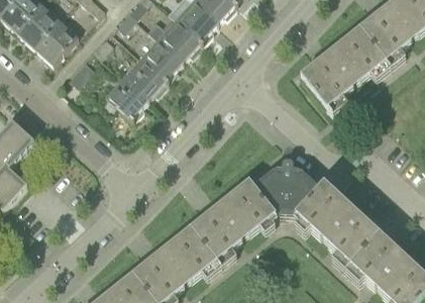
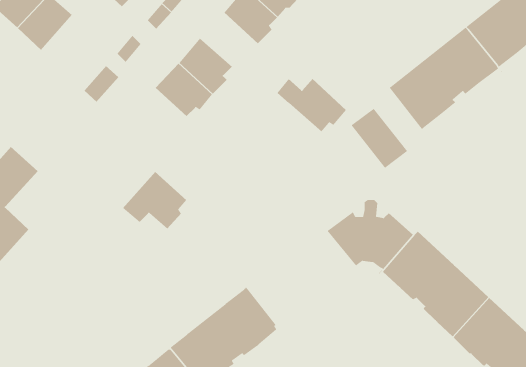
building: [148,19,202,61] -> [277,78,347,133]
building: [36,21,78,65] -> none
building: [98,77,147,121] -> [122,171,187,229]
building: none -> [351,108,408,169]
building: [193,183,278,262] -> none

